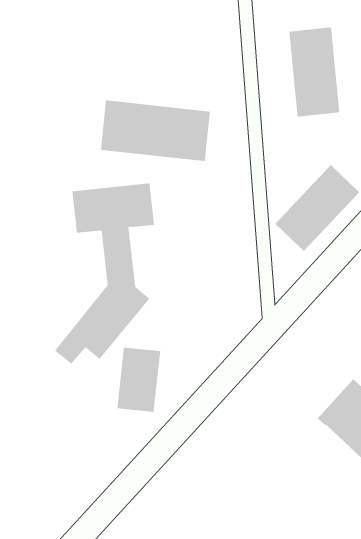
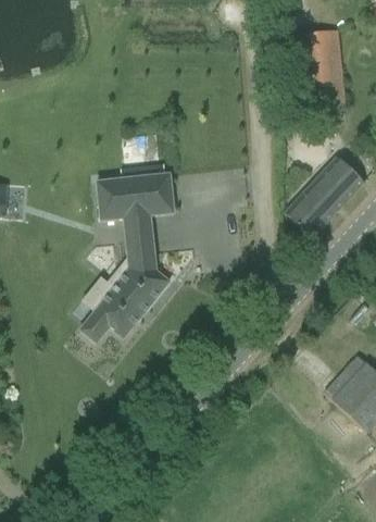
building: [100,100,210,162] -> none
building: [117,347,161,413] -> none

